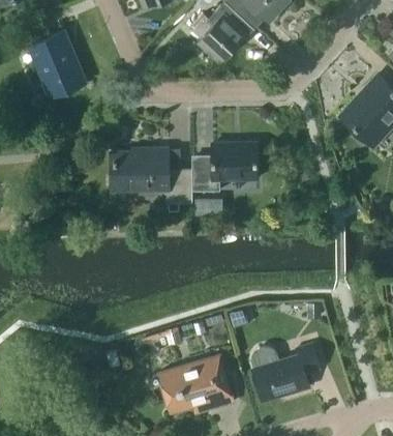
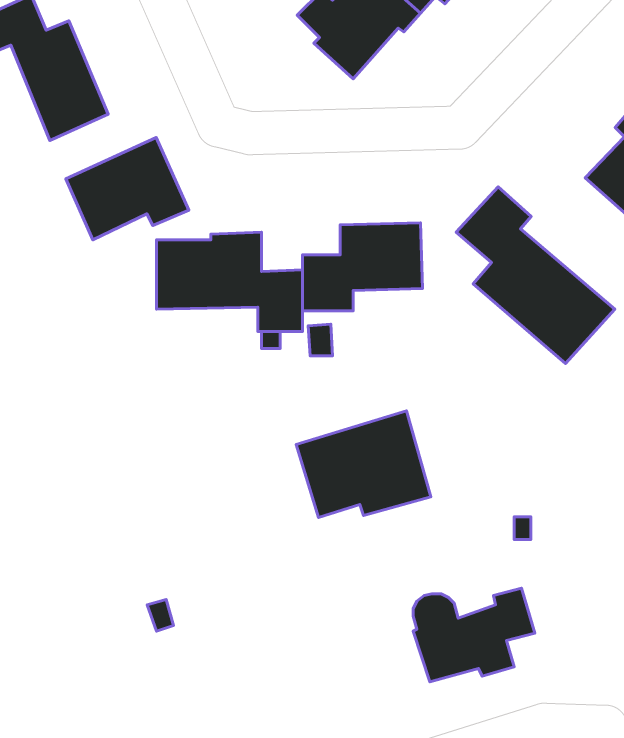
building: none -> [66,137,189,240]
building: none -> [456,187,615,363]
building: [158,355,233,414] -> [296,411,431,518]

